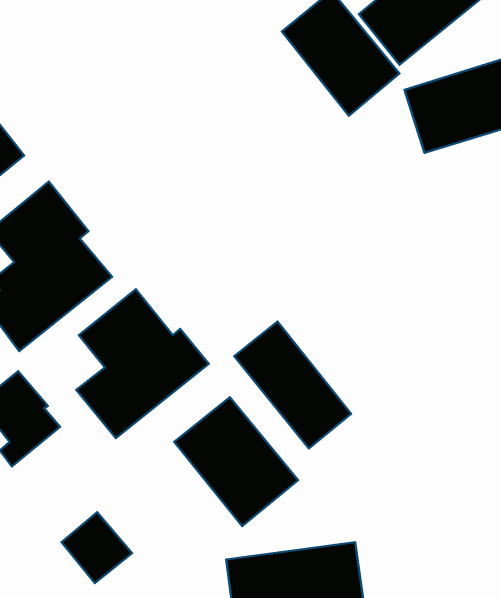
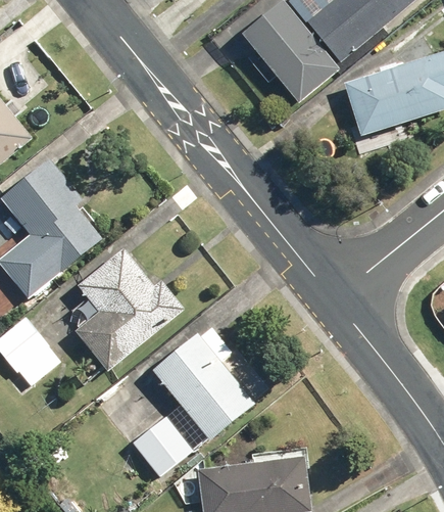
building: [234,322,351,449] -> none
building: [61,512,132,583] -> [135,415,193,473]

